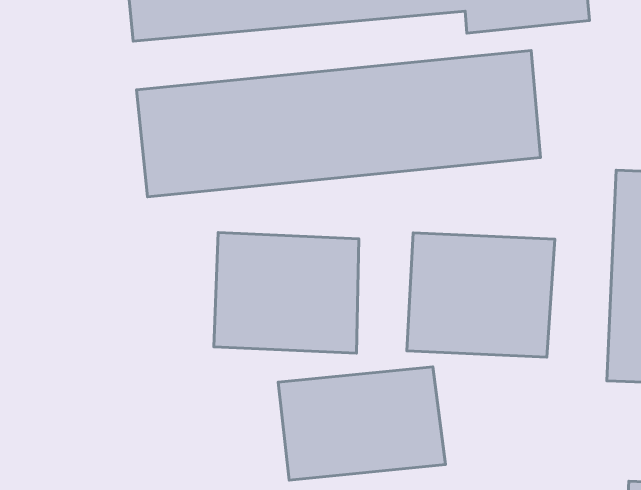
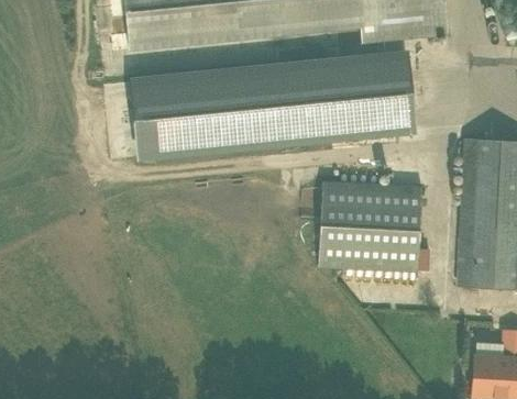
building: [214,233,359,353] -> none
building: [278,367,446,480] -> none

